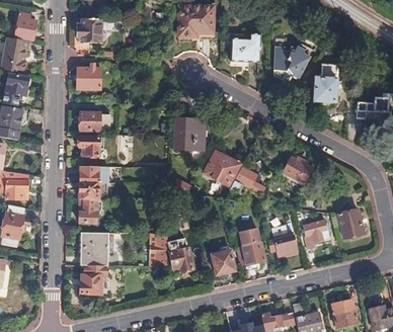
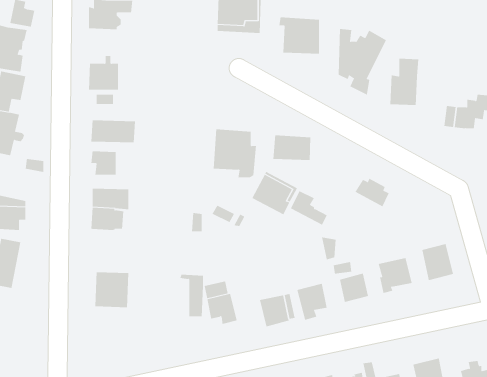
building: none -> [273,134,311,161]
building: [78,197,96,222] -> none
building: [80,264,107,294] -> none

